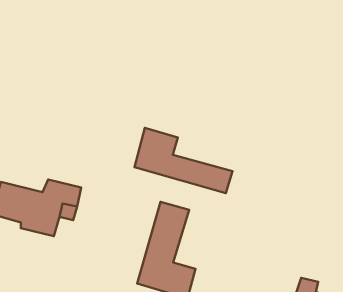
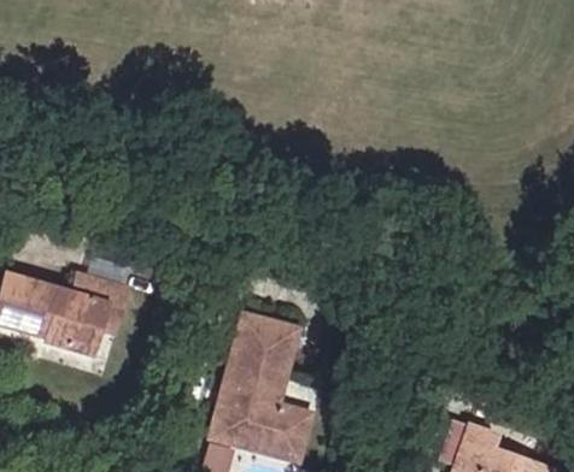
building: [135,128,232,193] -> none

